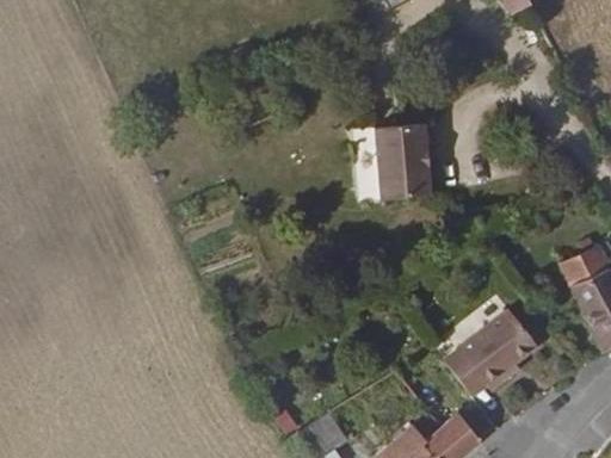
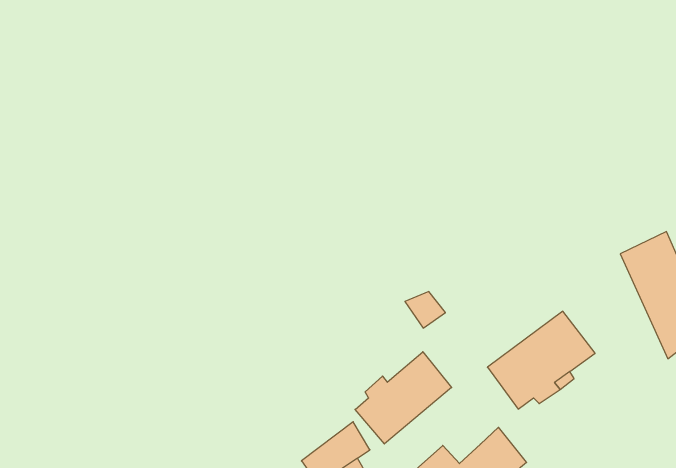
building: [384,122,442,197] -> none
building: none -> [355,352,452,444]

